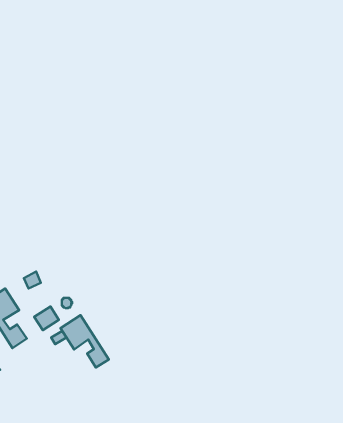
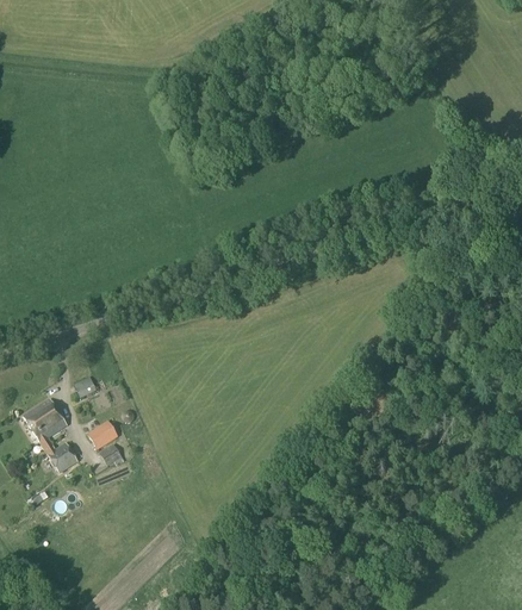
building: [61,315,109,368] -> none

